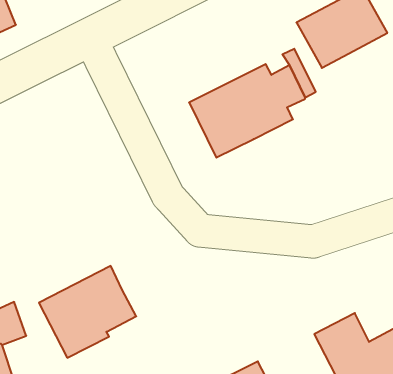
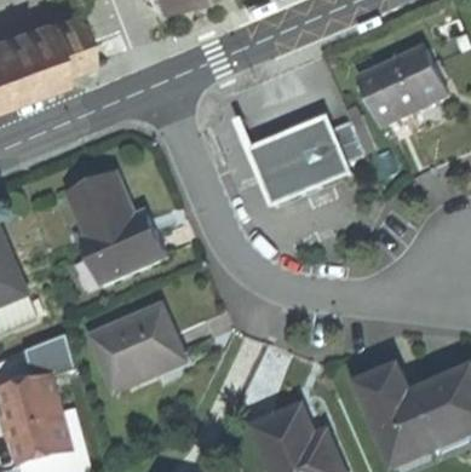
building: none -> [67,171,166,283]

